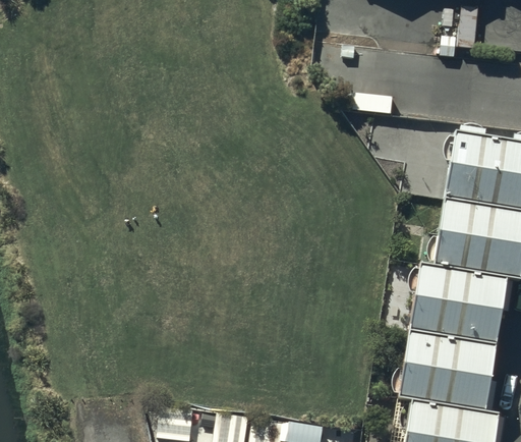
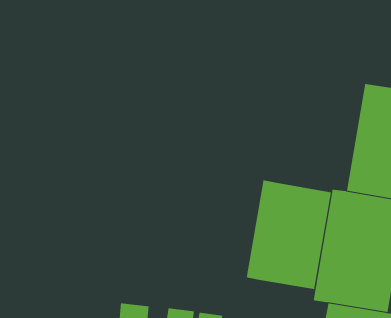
building: none -> [246,180,331,290]

